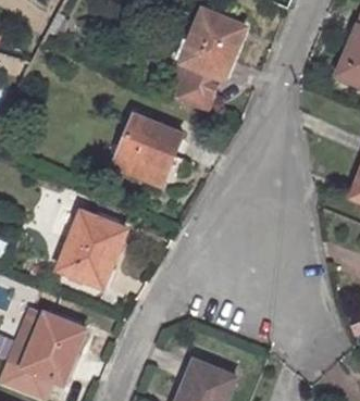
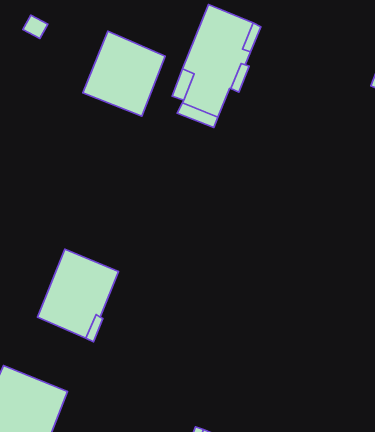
building: [112,114,181,185] -> [83,31,165,116]

